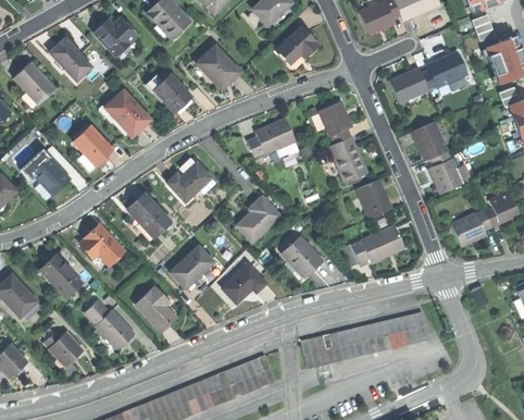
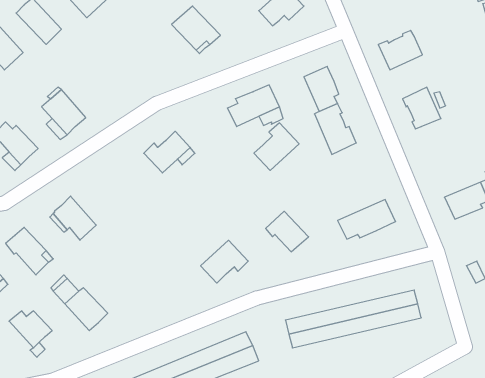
building: [422,52,466,90] -> none
building: [153,73,191,111] -> none
building: [104,88,149,136] -> none
building: [428,150,461,194] -> none
building: [355,178,391,220] -> none
building: [127,192,172,237] -> none
building: [238,197,280,242] -> [254,123,299,170]
building: [171,245,215,288] -> none
building: [136,286,177,332] -> none

